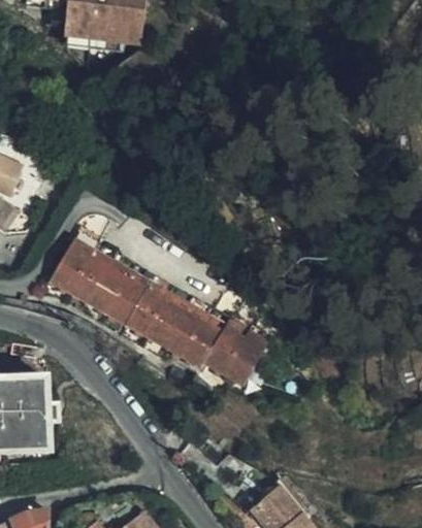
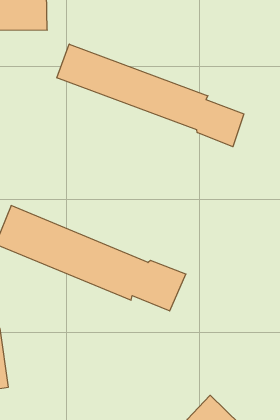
building: none -> [57,44,244,147]

